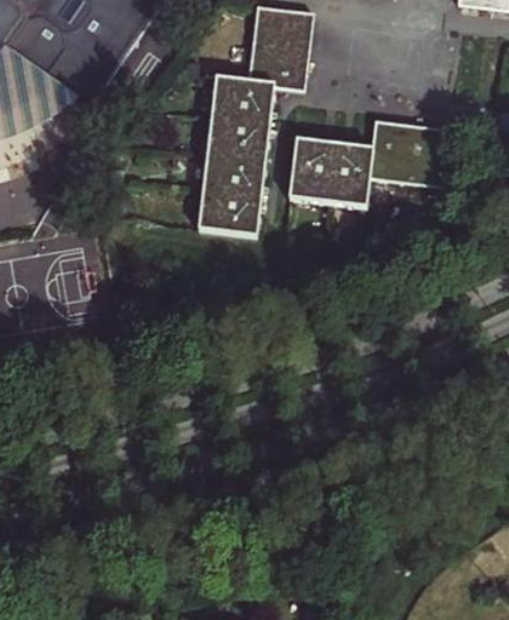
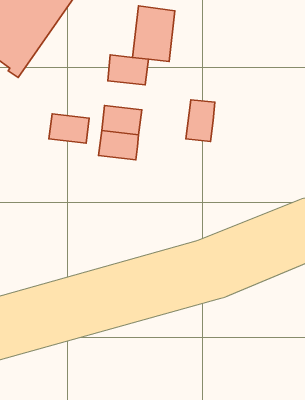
building: [207,120,267,162] -> [49,114,89,143]
building: [366,124,448,186] -> none
building: [288,143,333,205] -> none

